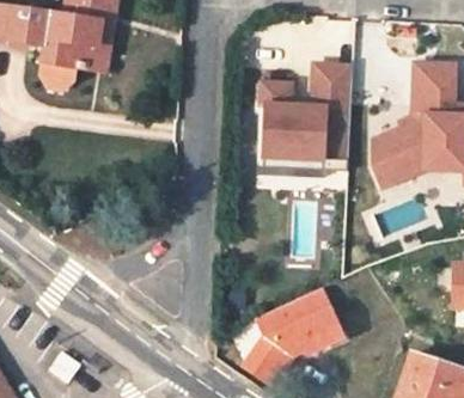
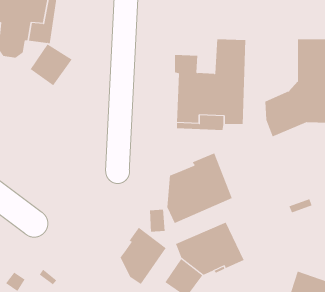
building: none -> [30,43,73,86]
building: none -> [167,153,233,224]
building: none -> [120,227,167,285]

